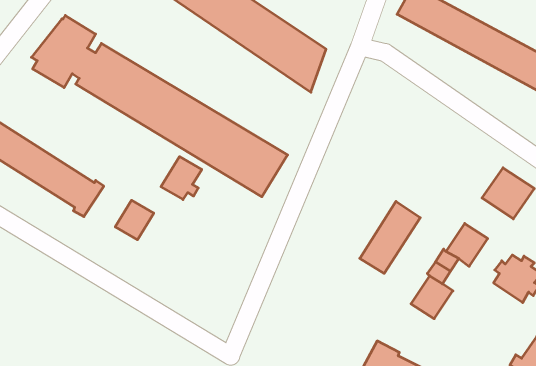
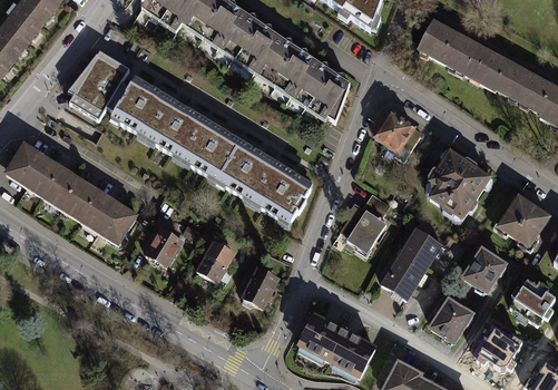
building: none -> [373,110,419,158]
building: none -> [427,150,489,218]
building: [161,157,202,200] -> [195,241,234,282]
building: none -> [340,194,389,248]
building: none -> [242,266,274,308]
building: none -> [297,314,372,376]
building: none -> [477,331,522,369]

